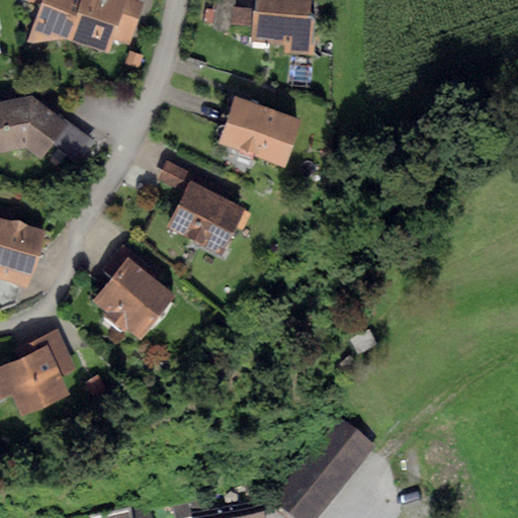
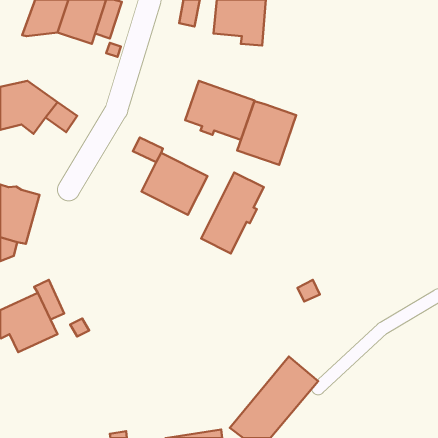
building: none -> [237,101,296,165]
building: none -> [201,172,264,253]
building: [93,257,174,337] -> none

